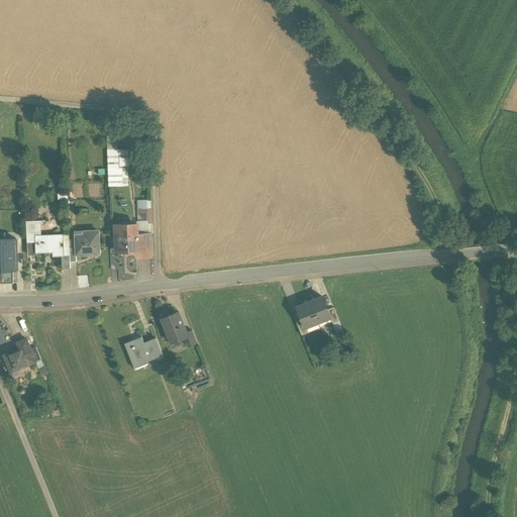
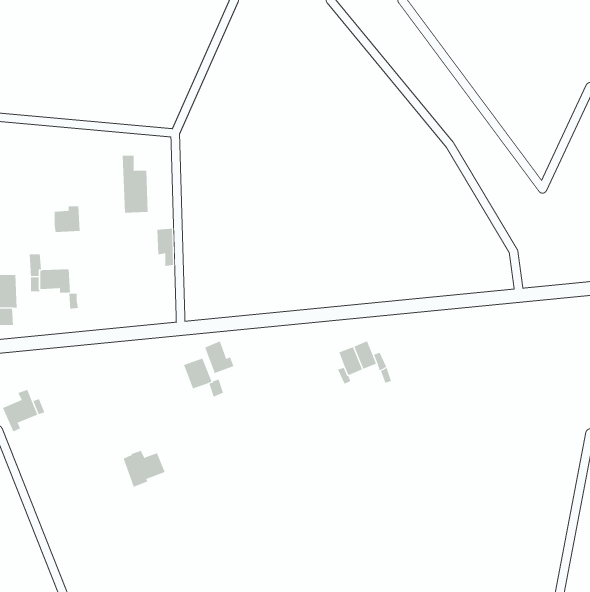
building: [114,225,148,257] -> none
building: [74,231,97,254] -> [54,206,80,232]
building: none -> [204,341,234,374]
building: [123,336,161,369] -> [123,450,166,487]

